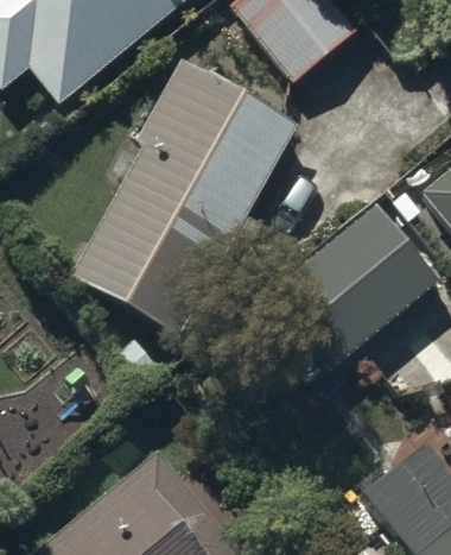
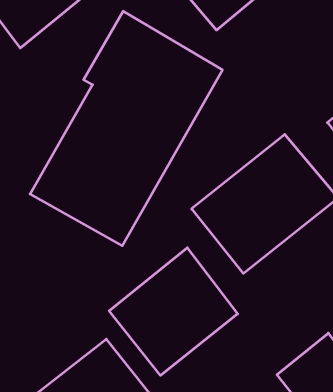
building: none -> [109,248,238,375]

